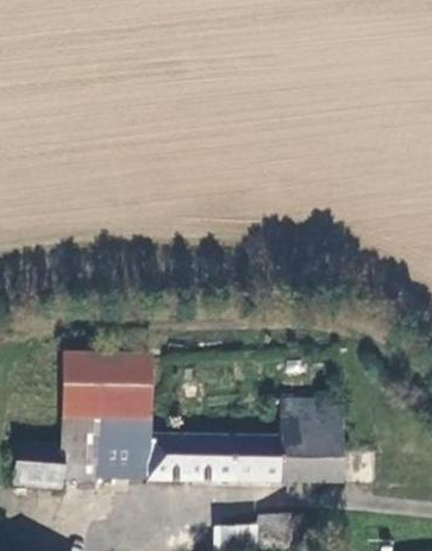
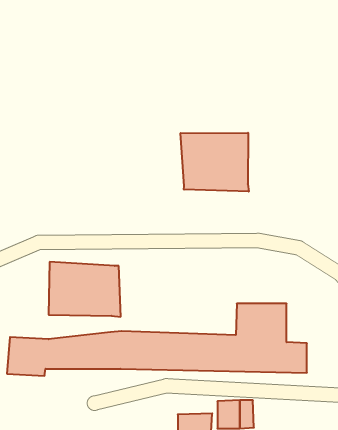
building: none -> [181,133,249,192]
building: [63,414,149,443] -> none

